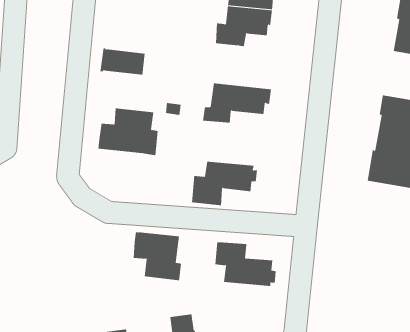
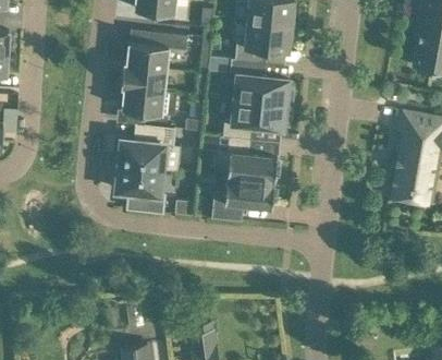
building: none -> [126,32,187,69]
building: none -> [230,59,294,105]
building: none -> [122,86,176,121]
building: [133,232,182,281] -> [115,165,164,214]
building: [214,242,276,286] -> [218,136,280,181]

